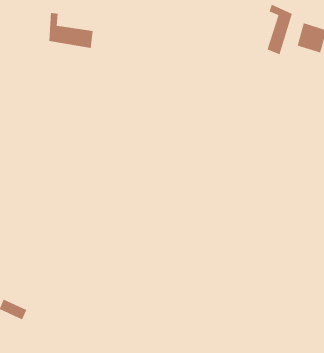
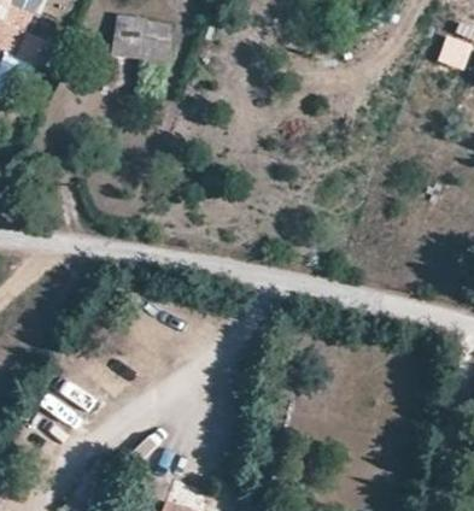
building: [267,4,293,55] -> none

